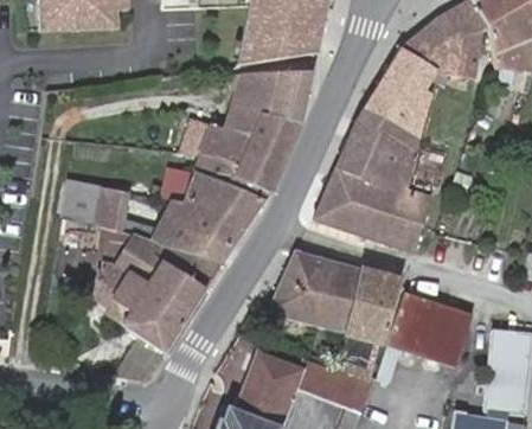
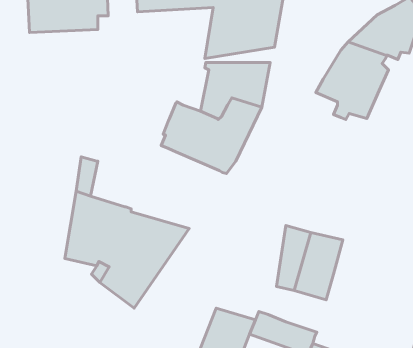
building: [310,108,434,246] -> none
building: [150,168,265,263] -> none
building: [65,175,100,220] -> none
building: [264,249,333,329] -> none
building: [383,292,469,365] -> none

